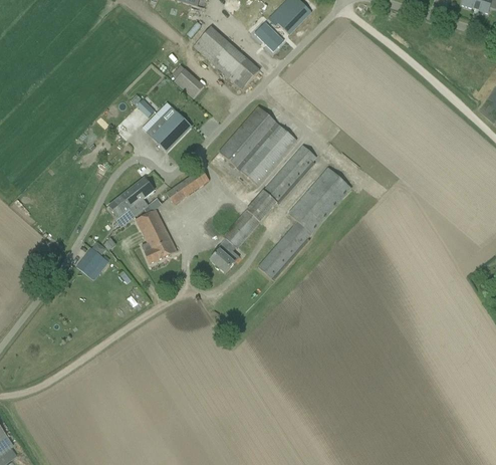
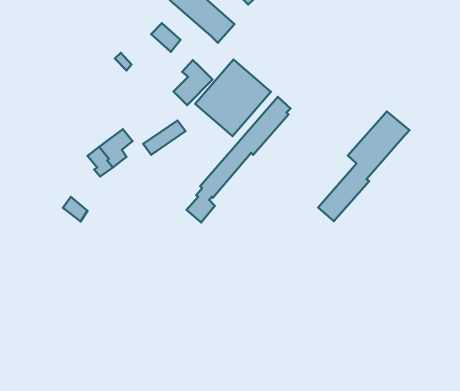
building: [152,104,192,151] -> [173,60,213,105]
building: [258,167,351,279] -> [318,111,410,221]
building: [136,207,177,262] -> none

